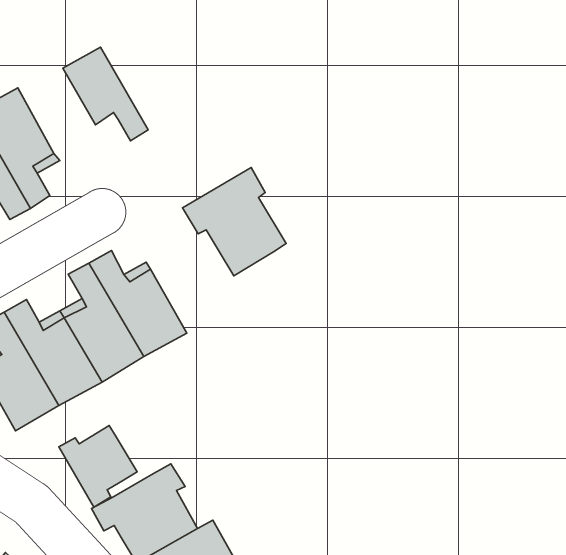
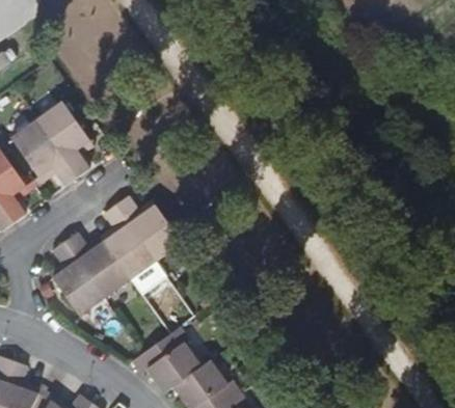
building: [63,47,148,141] -> none
building: [183,168,286,276] -> none
building: [59,426,137,507] -> none

